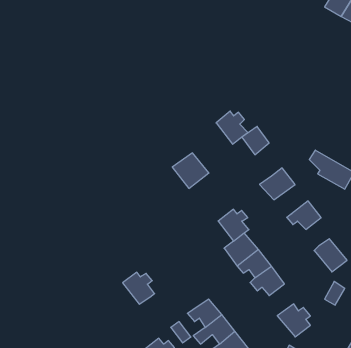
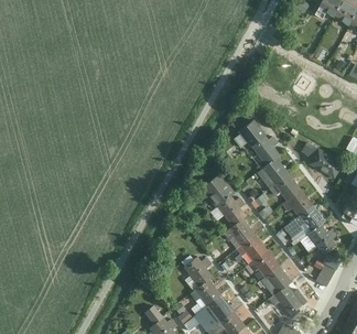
building: [216,111,248,144] -> [252,136,282,166]
building: [172,153,209,188] -> [203,175,237,208]
building: none -> [270,174,302,202]
building: none -> [284,205,326,238]
building: [123,272,155,304] -> [184,258,214,288]
building: none -> [261,267,293,297]

